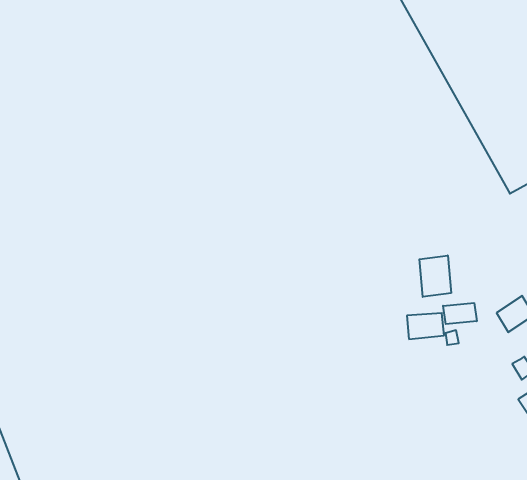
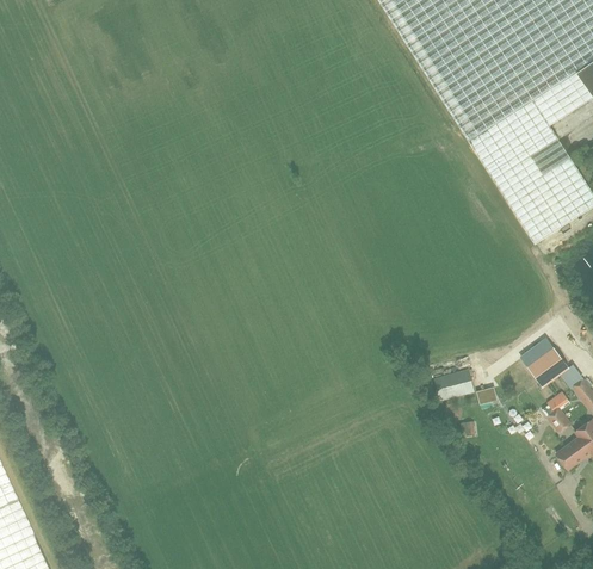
building: [419,255,451,297] -> none
building: [443,303,477,324] -> none

